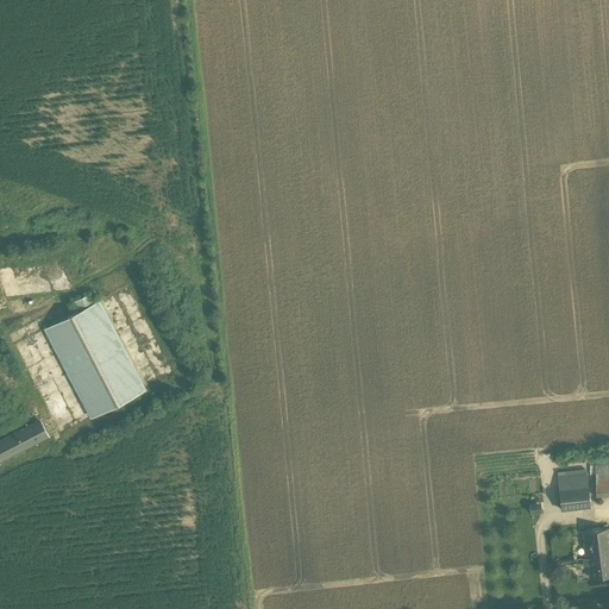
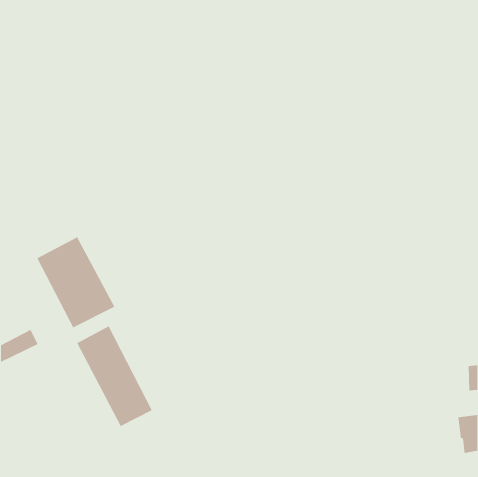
building: none -> [77,325,152,427]
building: [558,473,590,511] -> none

